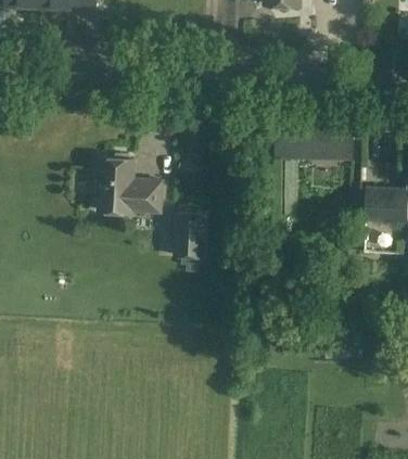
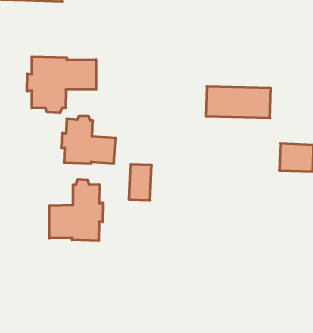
building: none -> [27,57,96,113]
building: none -> [49,179,103,241]

